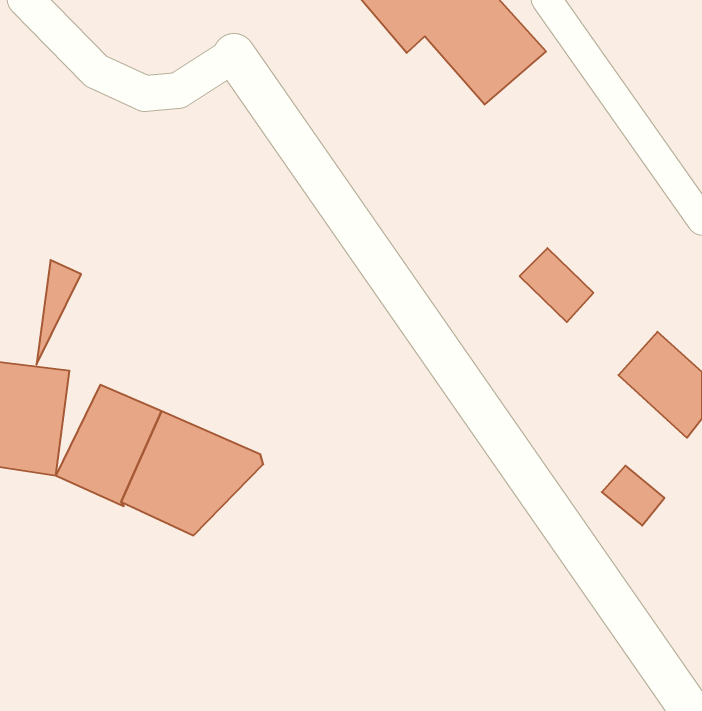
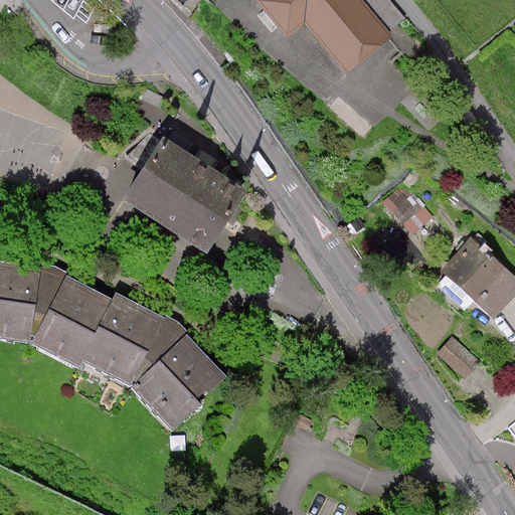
building: none -> [112,140,237,256]
building: [37,260,81,365] -> [40,268,72,343]
building: none -> [140,335,235,431]

